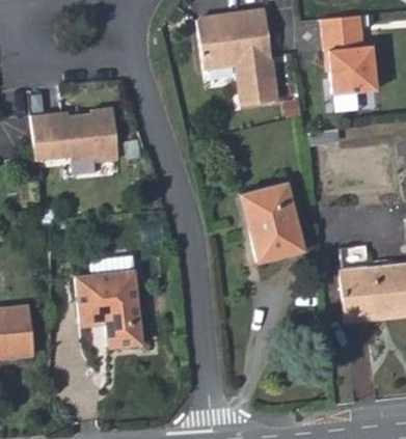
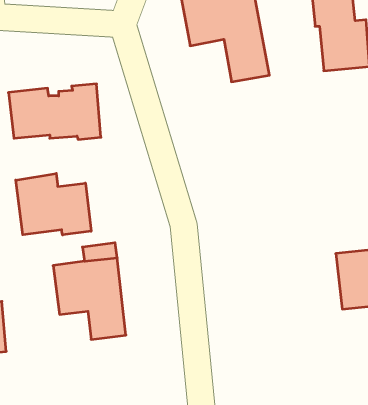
building: [241,179,302,259] -> none
building: none -> [16,173,91,235]

